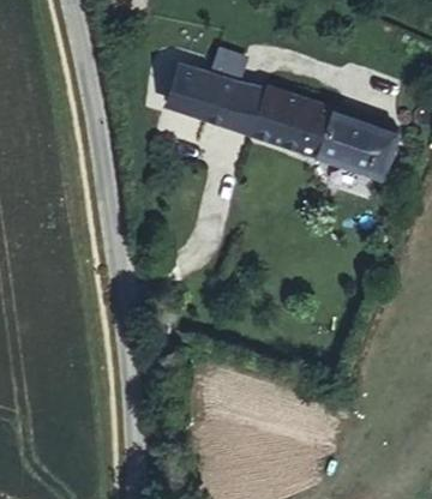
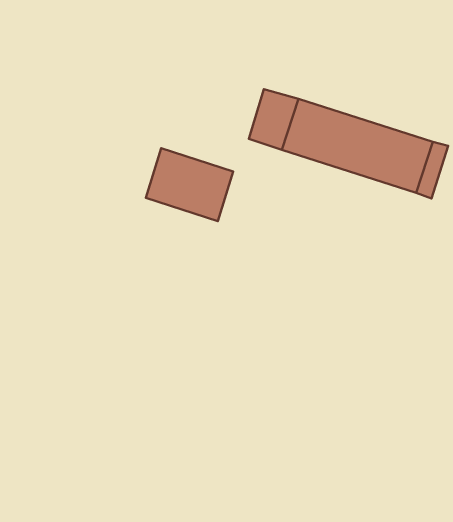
building: [166,64,241,127] -> [146,148,233,221]

